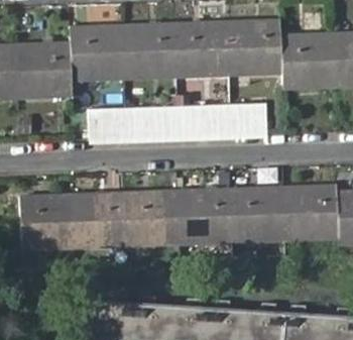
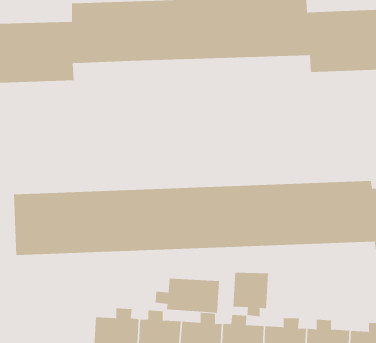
building: [87,102,266,140] -> none
building: none -> [233,272,269,317]
building: none -> [155,278,219,314]

